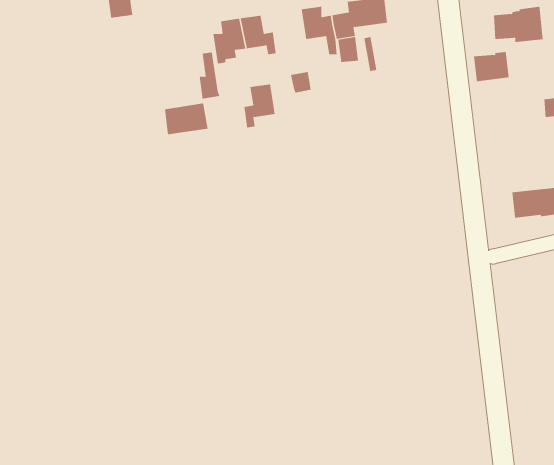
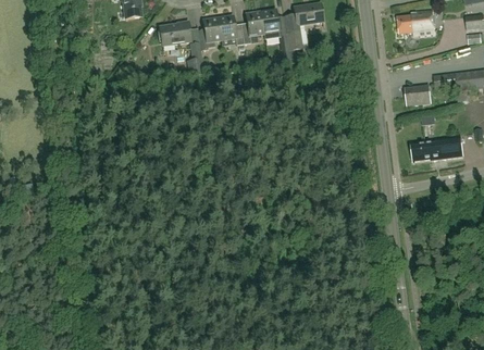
building: [473,51,510,82] -> [404,84,430,105]
building: [243,84,275,128] -> [240,11,263,42]
building: [164,103,208,135] -> [159,22,190,45]

